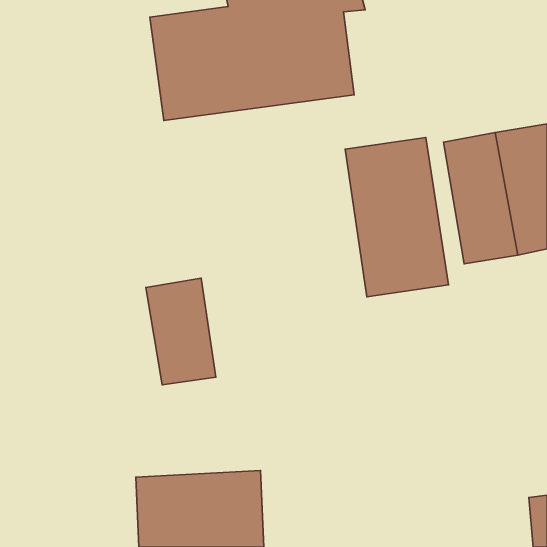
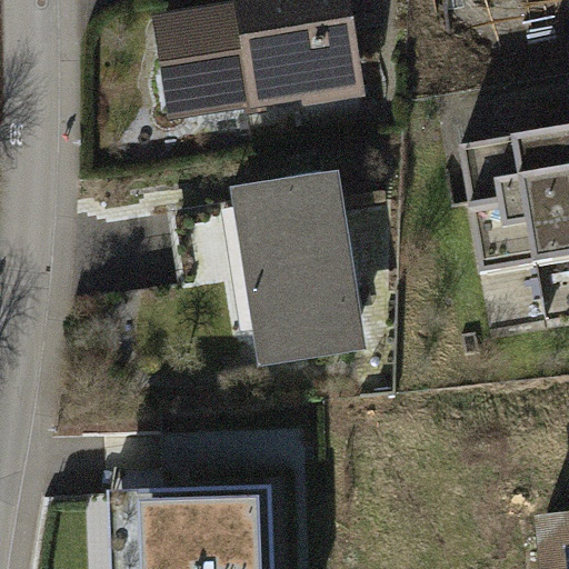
building: [345,137,449,297] -> [246,186,352,350]
building: [146,278,216,385] -> none

